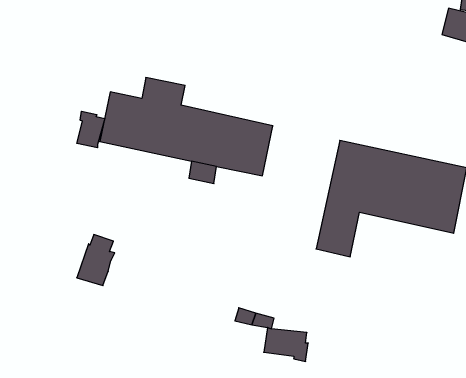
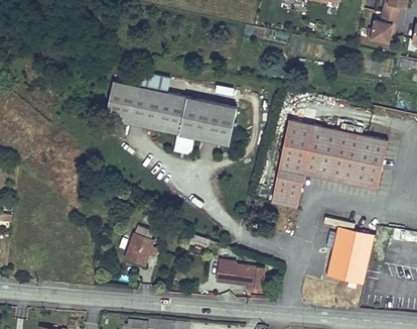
building: [77,111,105,148] -> none
building: [77,235,115,286] -> [125,225,154,264]
building: none -> [327,227,375,285]

